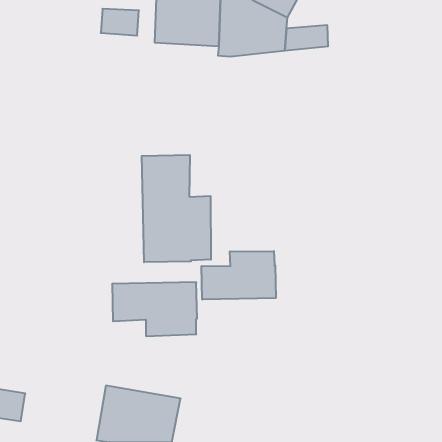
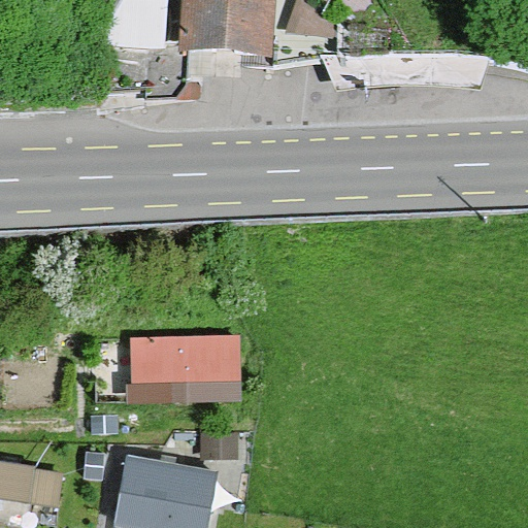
building: [142,155,211,262] -> none
building: [202,251,276,300] -> none

